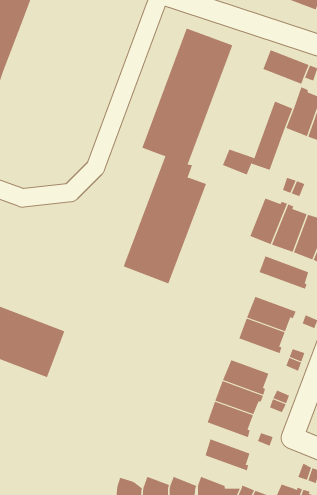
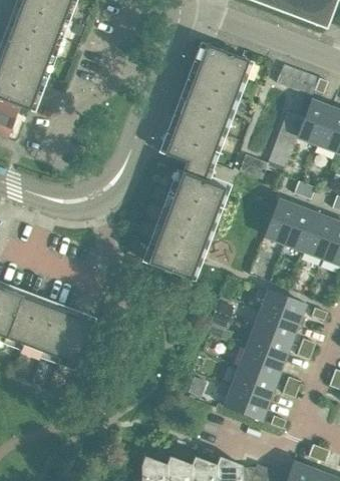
building: [259,256,309,290] -> none
building: none -> [247,330,292,362]
building: [205,438,250,471] -> none

